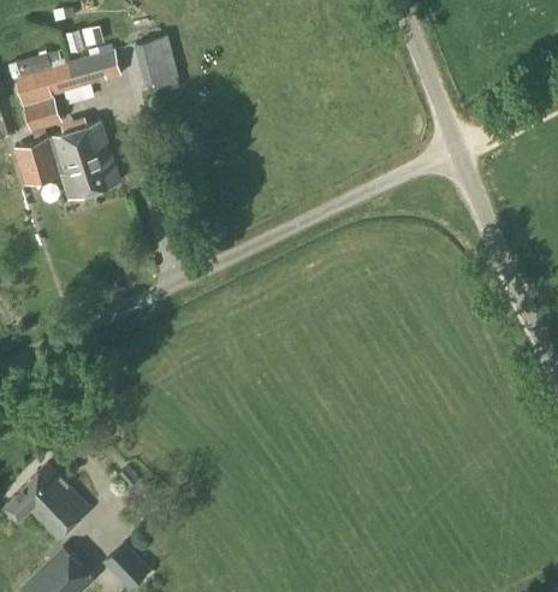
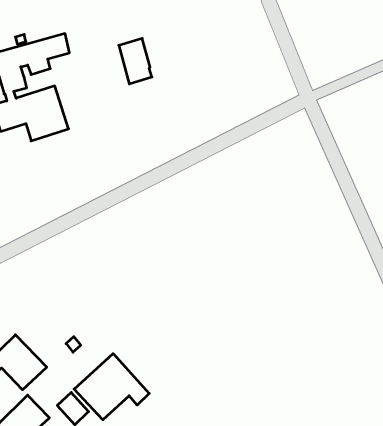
building: [135,35,180,97] -> [119,38,152,84]
building: none -> [74,354,149,420]

